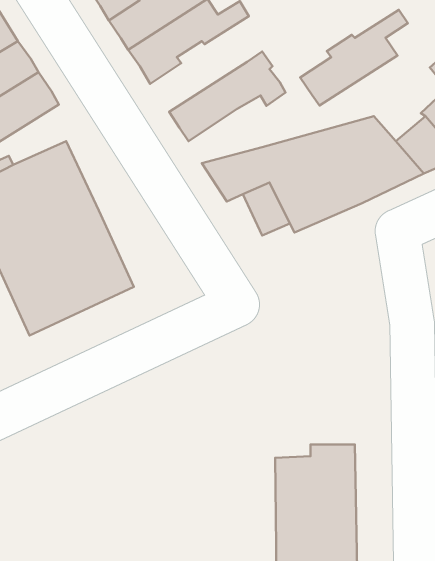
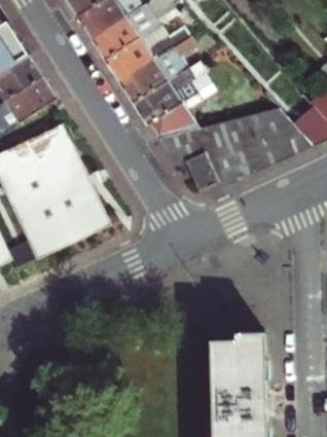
building: [300,10,408,106] -> [120,36,195,103]
building: none -> [147,101,198,139]

